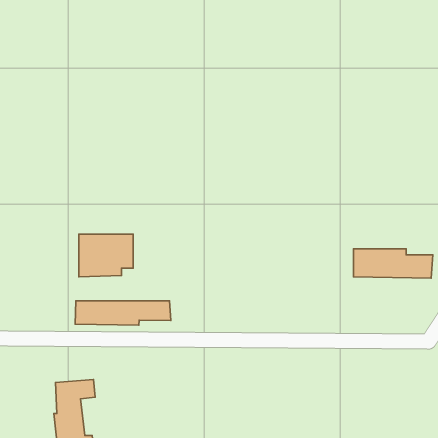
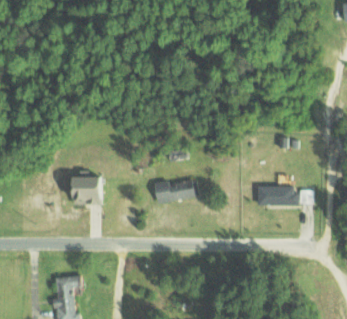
building: none -> [154,179,196,202]
building: [75,301,171,325] -> none

